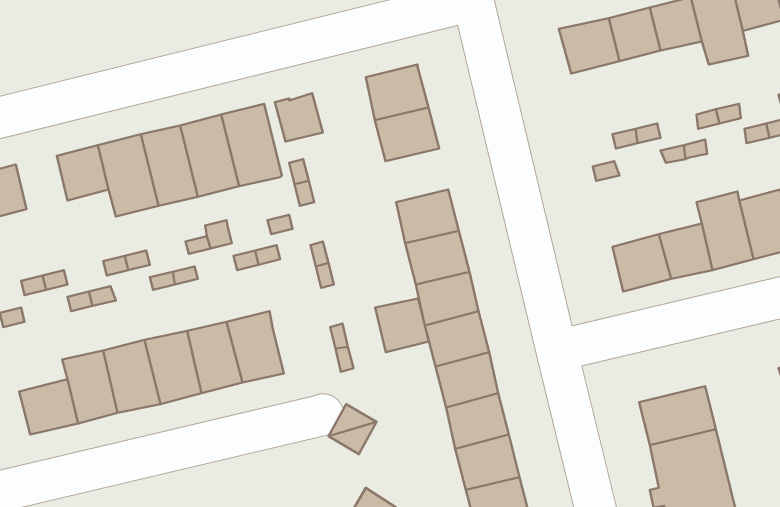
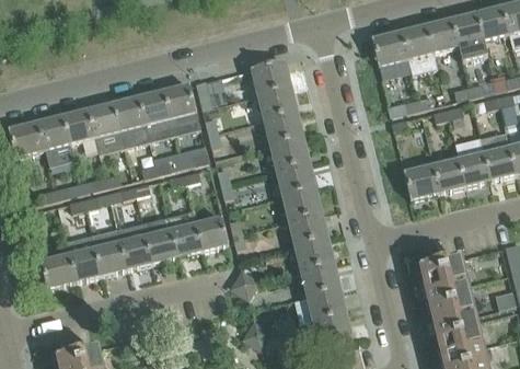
building: none -> [265,112,303,145]
building: none -> [38,116,74,166]
building: [375,299,429,352] -> [196,217,229,250]

